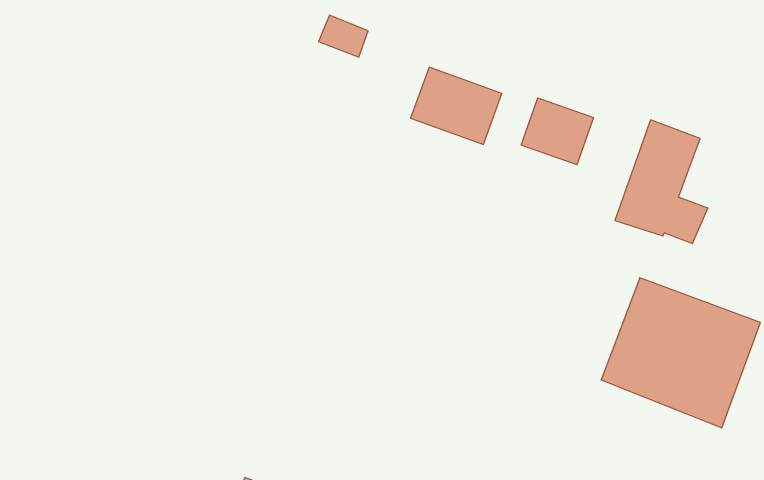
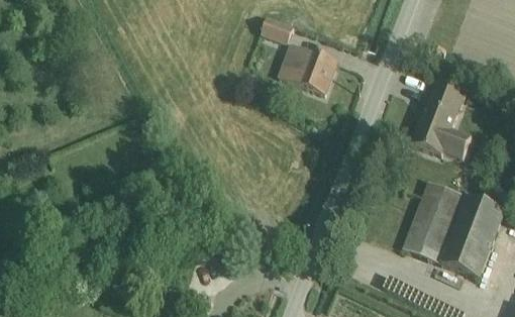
building: [319,15,368,57] -> [262,18,294,45]
building: [521,98,594,165] -> none

